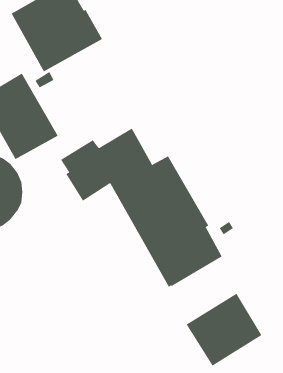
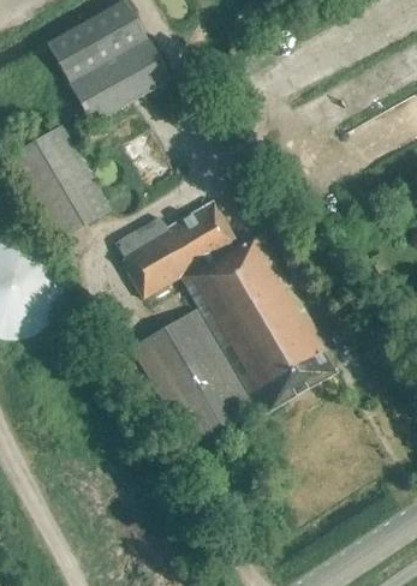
building: none -> [130,307,254,446]
building: [186,293,262,366] -> none

